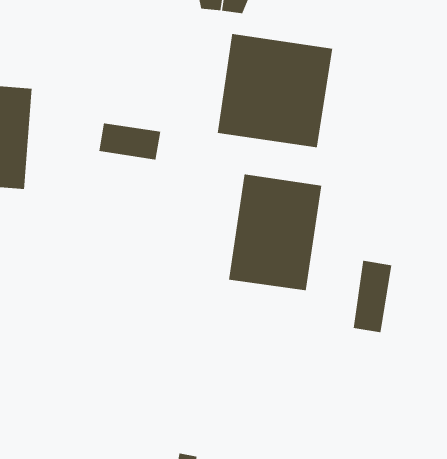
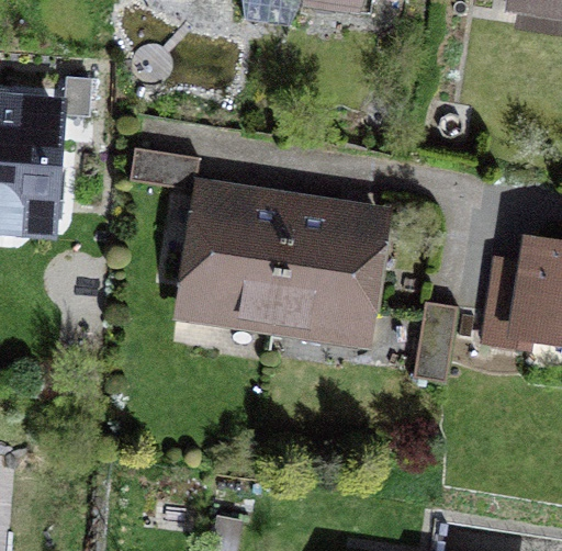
building: [217,33,333,148] -> none
building: none -> [186,191,292,322]

